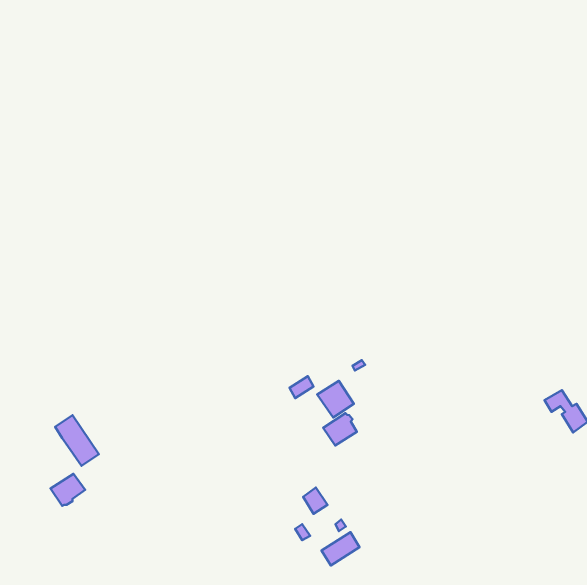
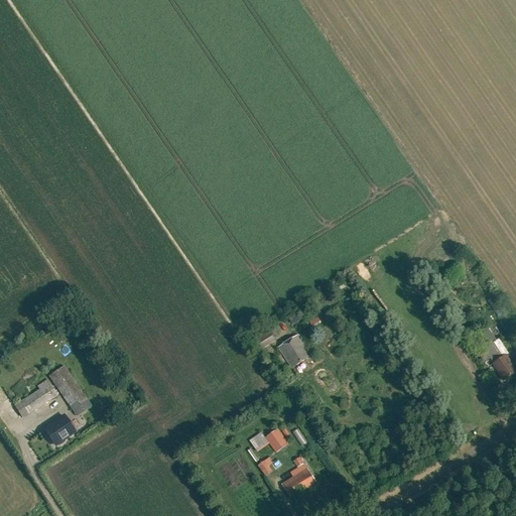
building: [323,413,357,445] -> none
building: none -> [14,379,57,417]

